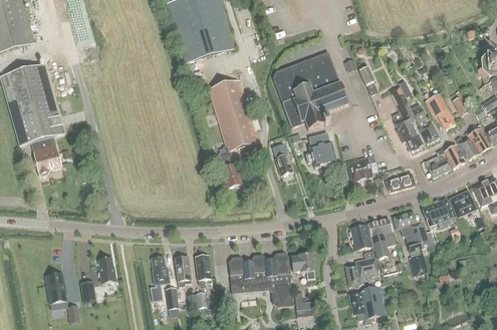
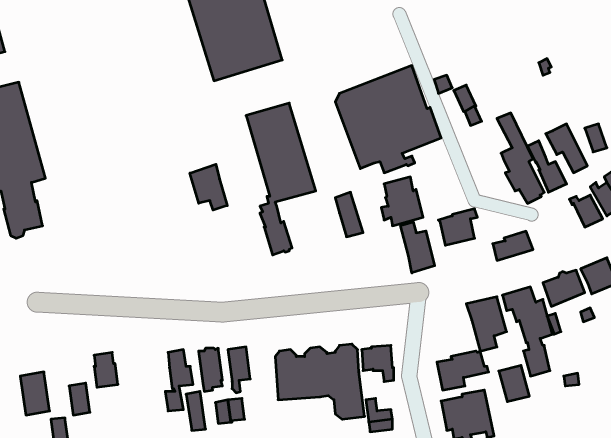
building: none -> [190,164,227,210]
building: [425,147,450,177] -> none
building: none -> [401,222,435,273]
building: [349,224,371,250] -> [499,365,529,402]

